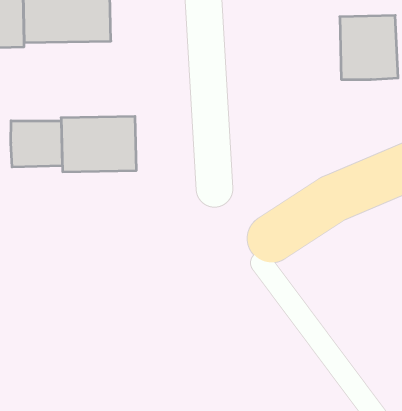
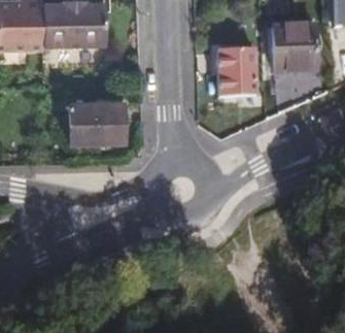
building: none -> [217,49,253,96]
building: [11,121,62,167] -> none

